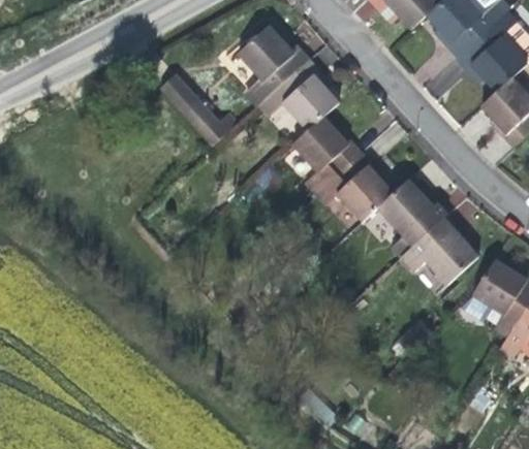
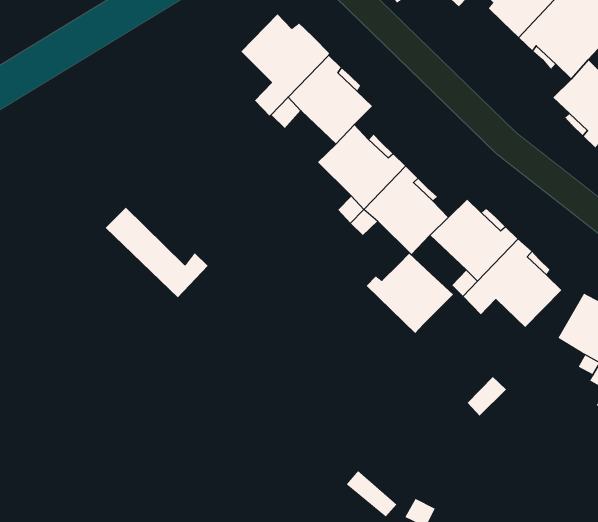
building: [158,74,238,149] -> [105,207,209,298]
building: none -> [366,253,454,334]

